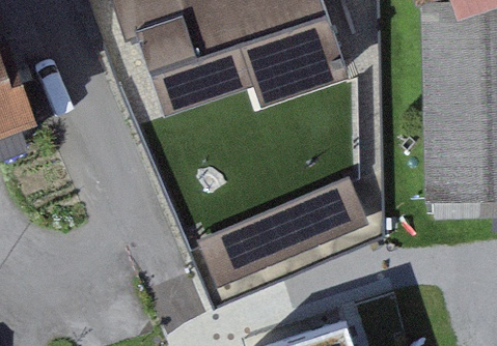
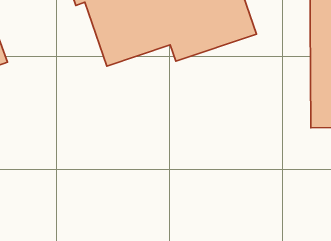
building: [203,176,371,282] -> none

